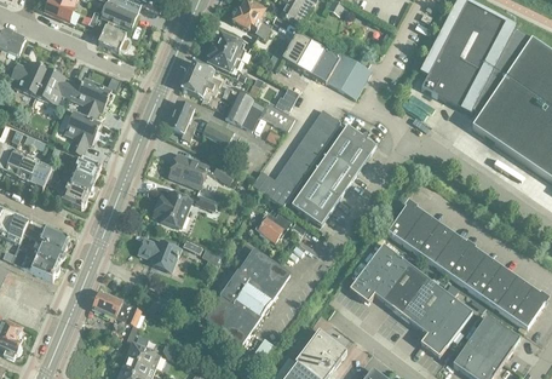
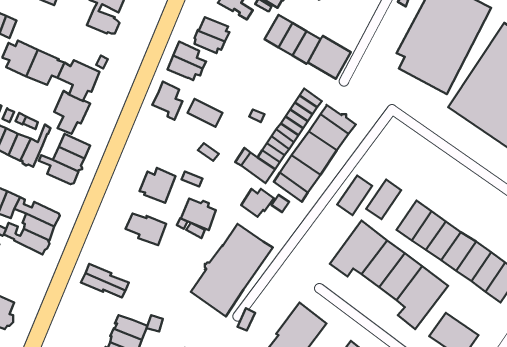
building: [225,91,295,130] -> none
building: [171,154,207,186] -> [181,199,216,230]
building: [403,213,439,254] -> [337,175,372,215]
building: [470,316,519,363] -> none

